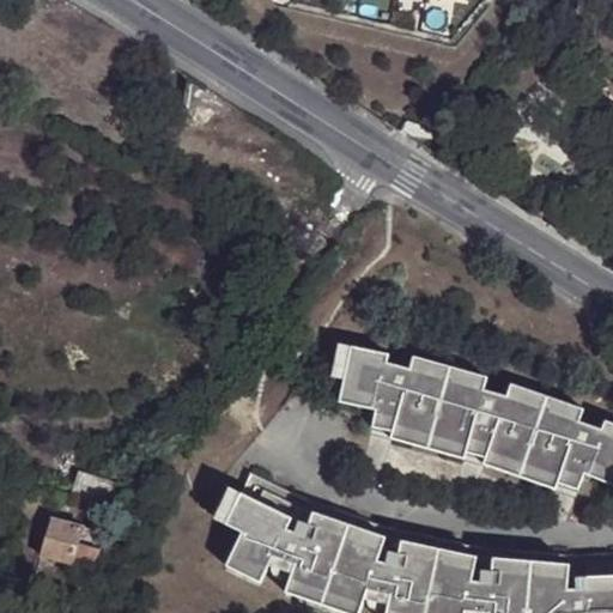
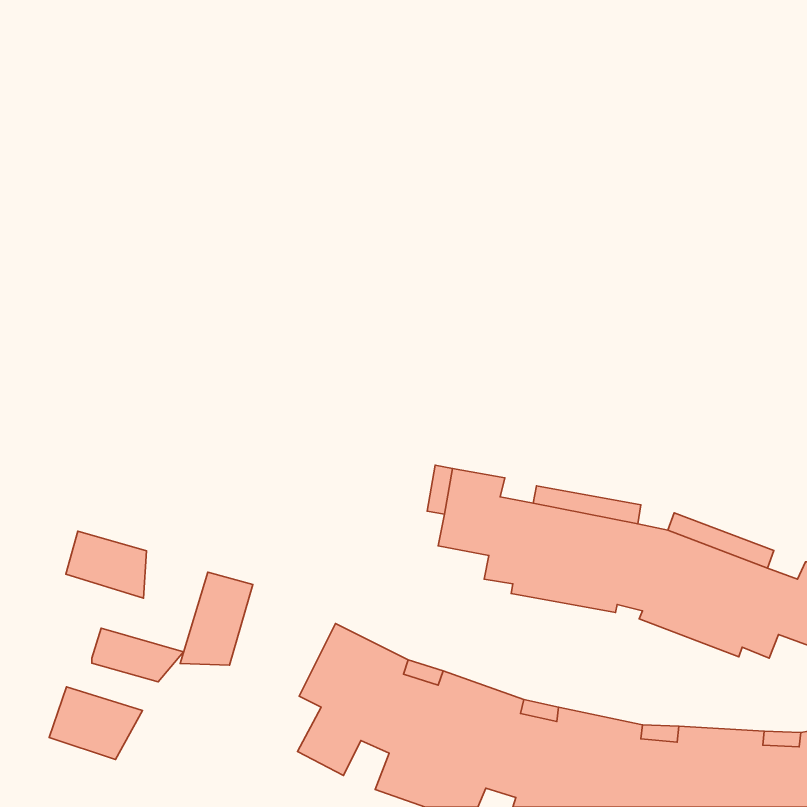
building: none -> [66,531,146,598]
building: none -> [180,572,253,665]

